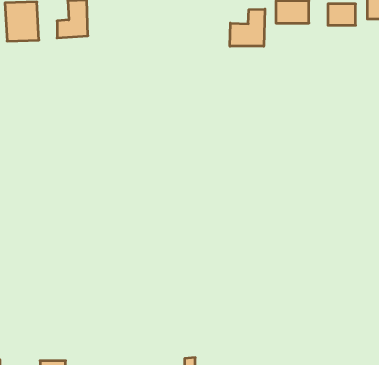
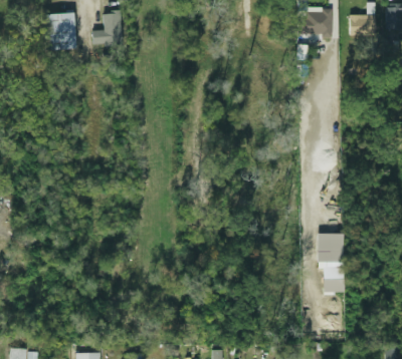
building: [230,9,265,46] -> none
building: none -> [317,233,344,292]

